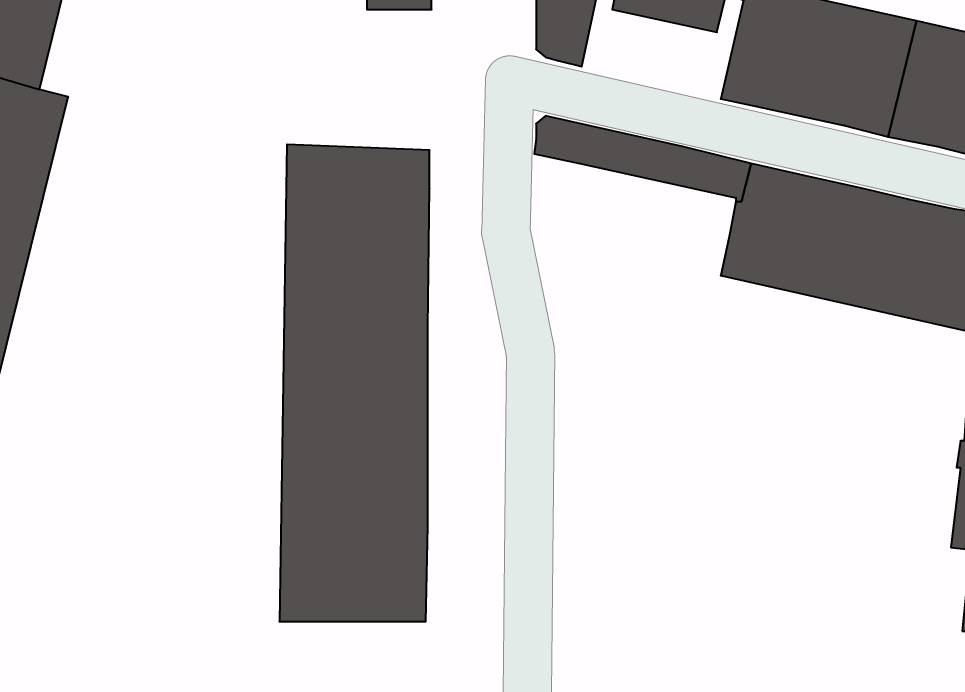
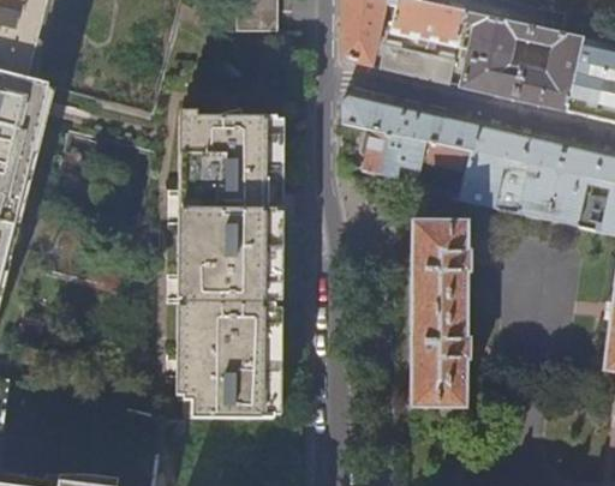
building: none -> [378,37,454,84]
building: none -> [360,127,468,182]
building: none -> [410,221,476,418]

